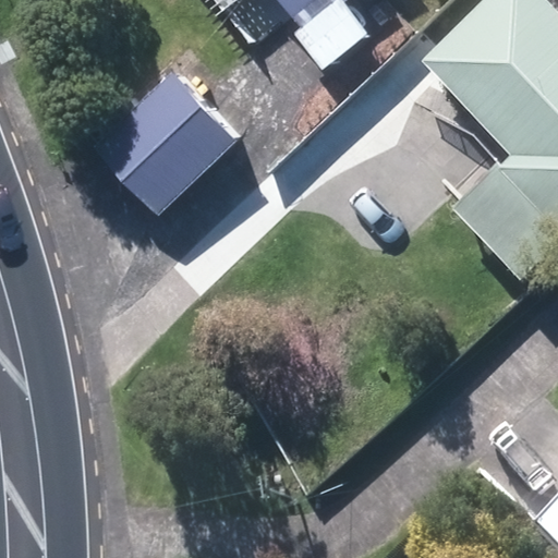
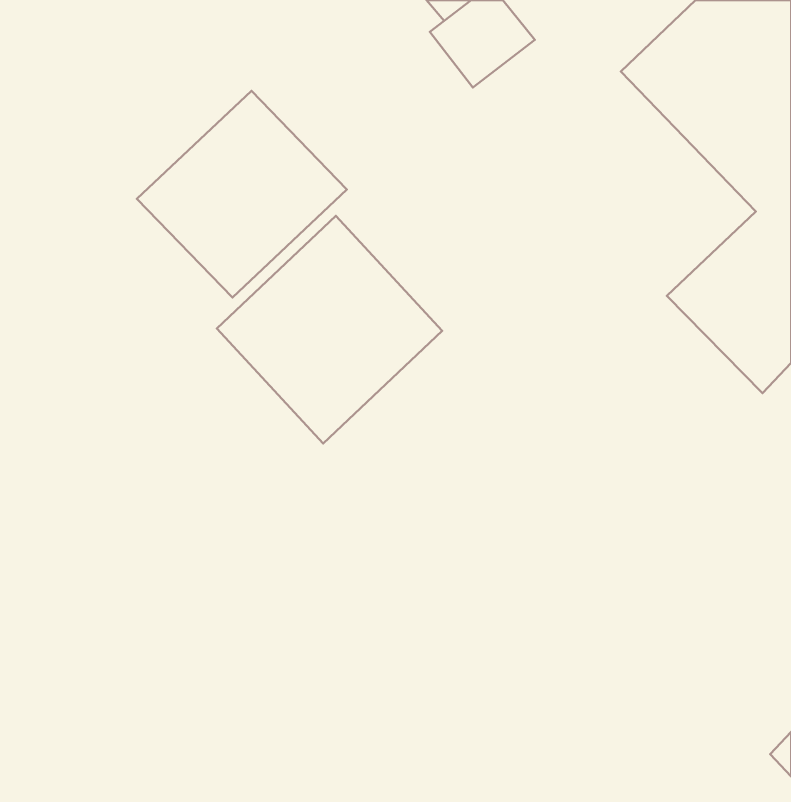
building: none -> [217,216,442,443]

